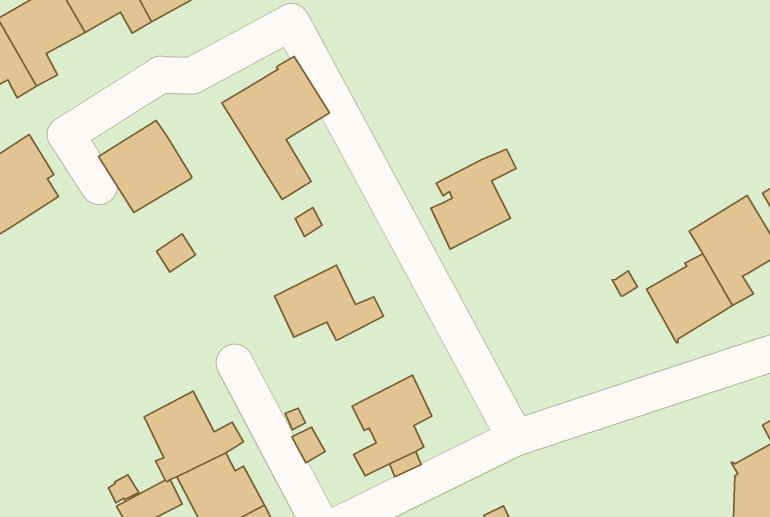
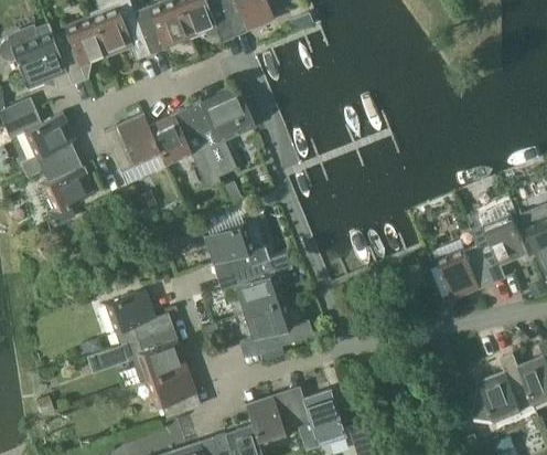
building: none -> [149,109,219,188]
building: [431,149,516,249] -> [234,254,291,313]
building: none -> [41,155,93,225]

